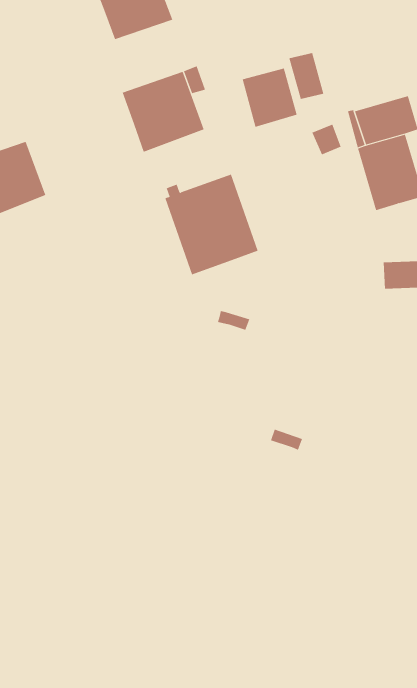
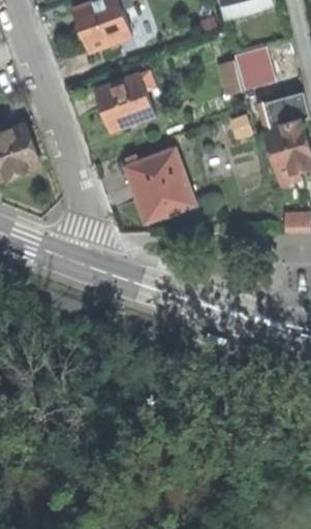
building: [242,68,297,128] -> [234,46,274,90]

